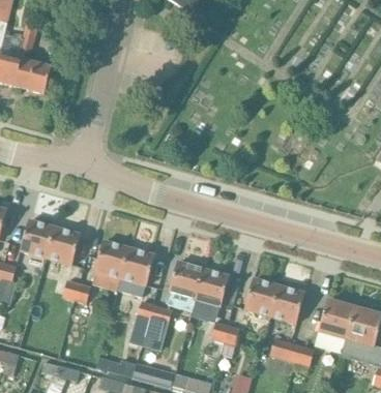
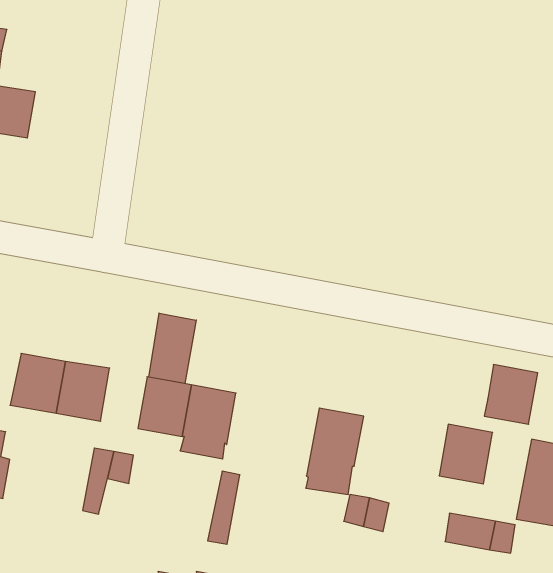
building: none -> [149,313,196,383]
building: [168,262,203,308] -> none
building: [244,278,279,315] -> [484,365,538,424]
building: [141,304,171,351] -> none

